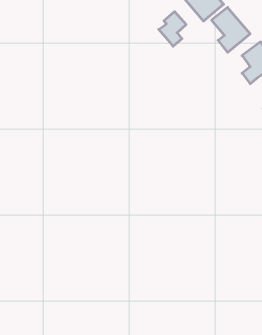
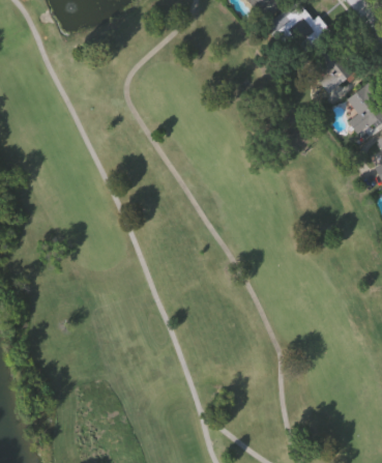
building: [159,12,186,46] -> none

